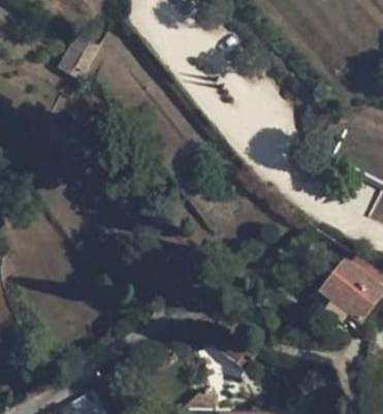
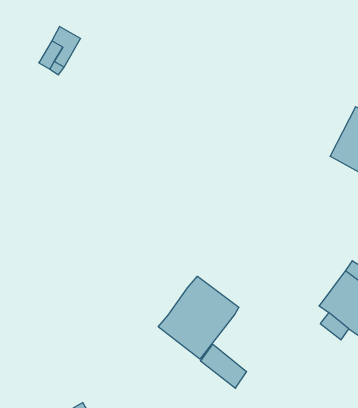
building: none -> [158,276,239,359]

